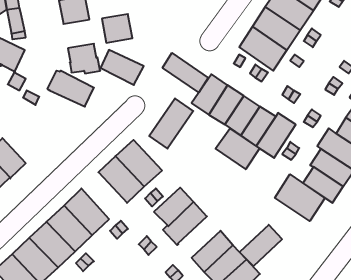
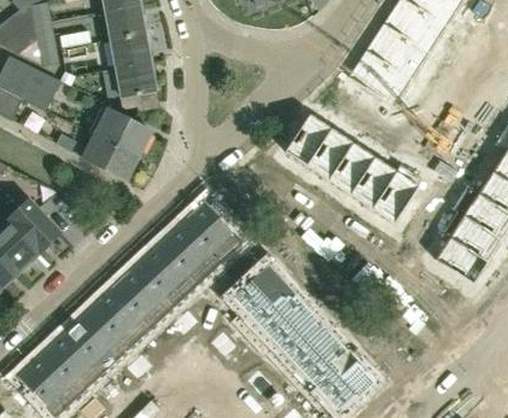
building: [102,14,132,43] -> [111,40,152,79]
building: [101,50,144,85] -> [82,135,140,182]
building: [163,53,208,93] -> none
building: [149,98,193,149] -> none
building: [216,129,260,169] -> none
building: none -> [135,245,197,308]
building: [275,174,325,221] -> none
building: [240,225,282,266] -> [265,304,322,360]

